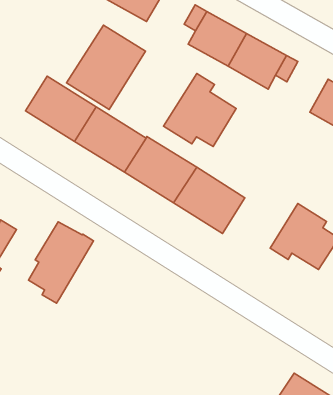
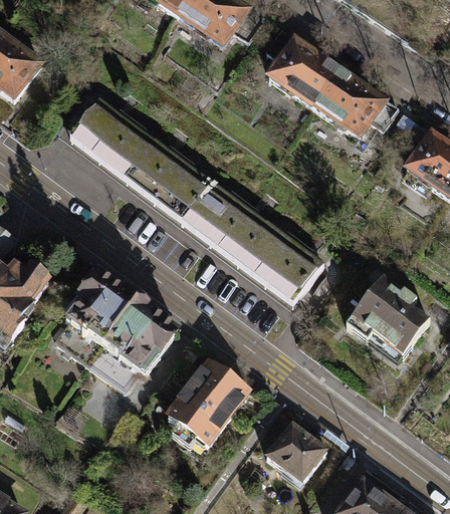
building: [67,25,146,110] -> none
building: [163,73,236,147] -> none
building: none -> [91,299,176,389]
building: none -> [169,359,250,446]
building: none -> [267,421,327,481]

